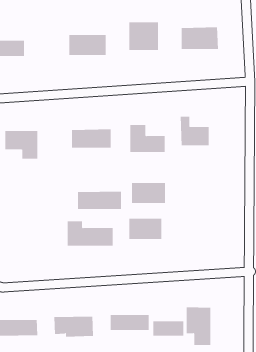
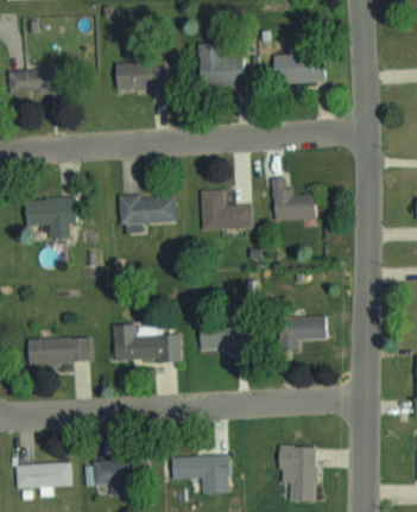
building: [131,182,166,203] -> [278,317,327,347]
building: [77,191,122,210] -> [27,337,90,364]
building: [153,320,184,336] -> none

